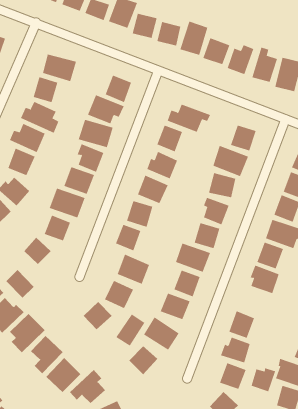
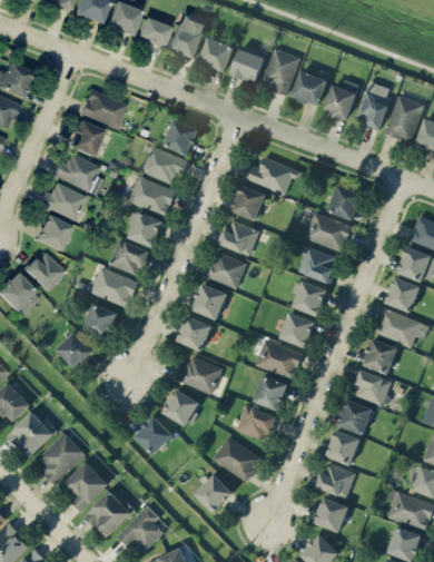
building: [6,269,34,299] -> none
building: none -> [338,400,373,434]
building: [116,313,145,347] -> none
building: [251,367,276,392] -> none

